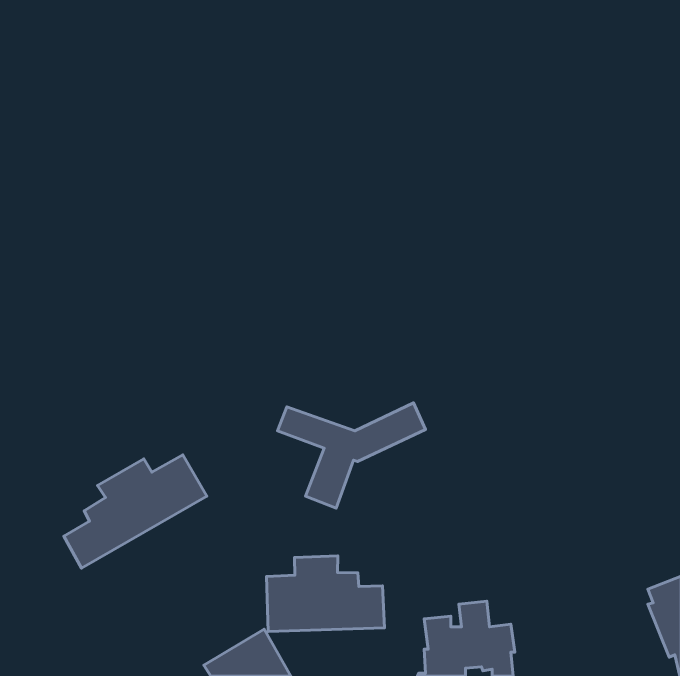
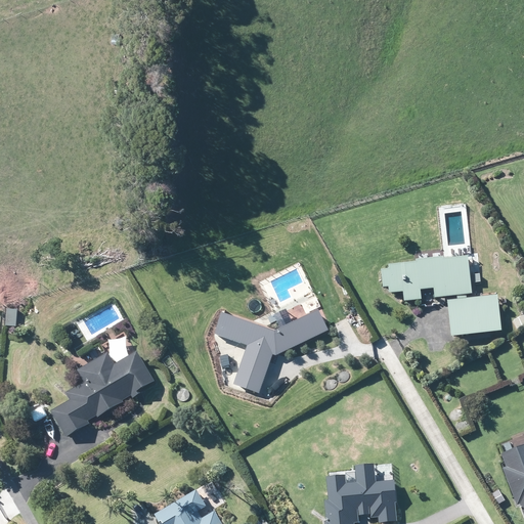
building: none -> [380,255,500,337]
building: [267,556,385,631] -> none

